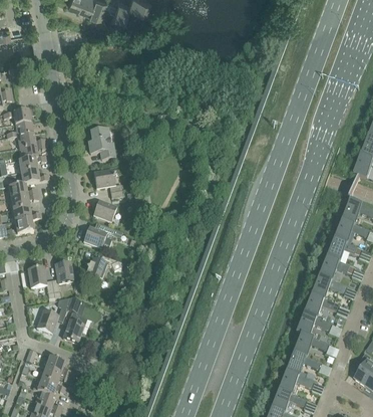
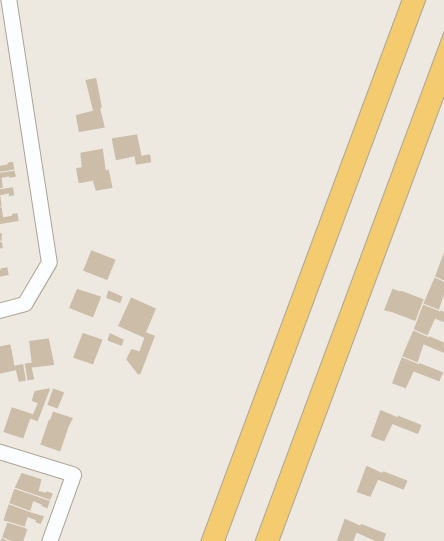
building: none -> [75,77,106,133]
building: [93,169,122,191] -> [111,134,152,165]
building: none -> [383,288,425,322]
building: none -> [117,297,157,375]
building: [303,293,340,317] -> none
building: [293,333,330,356] -> none
building: [278,370,315,393] -> none

